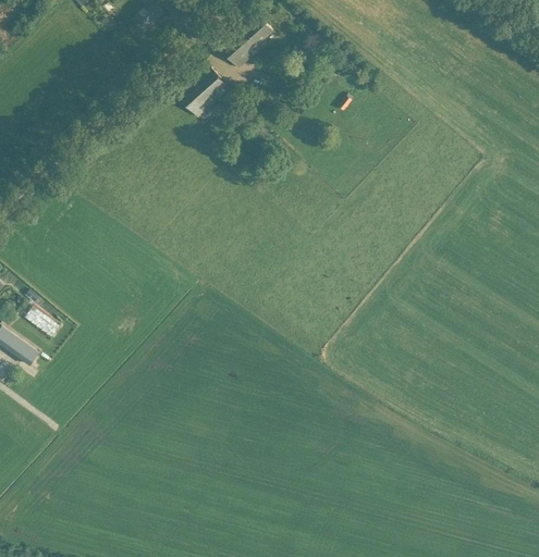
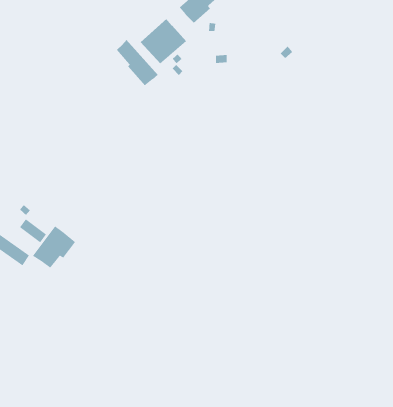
building: none -> [116,39,159,86]
building: none -> [32,225,76,269]

